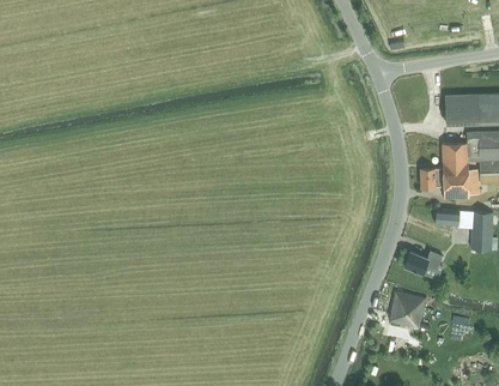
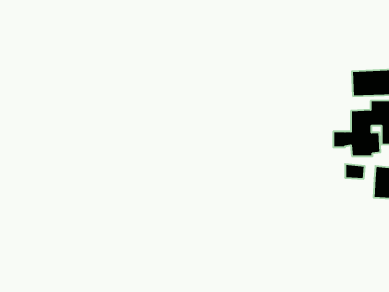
building: [404,251,443,275] -> none
building: [390,291,427,328] -> none

